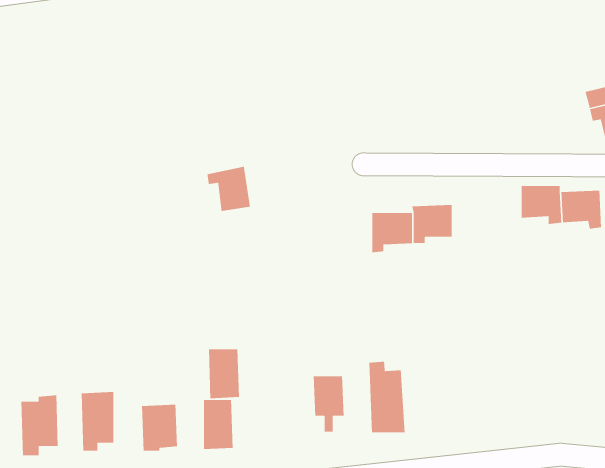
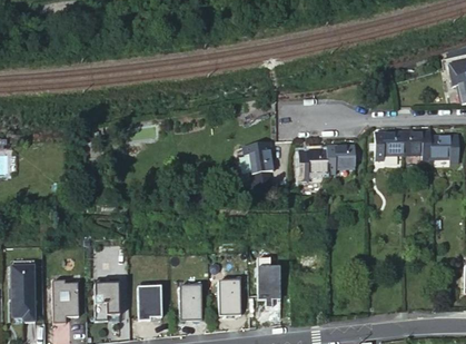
building: [206,166,251,212] -> [242,142,274,175]
building: none -> [374,132,403,161]
building: [208,348,240,399] -> [218,279,240,315]
building: [369,361,406,433] -> none

